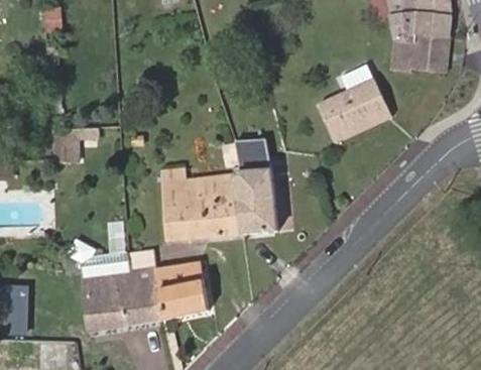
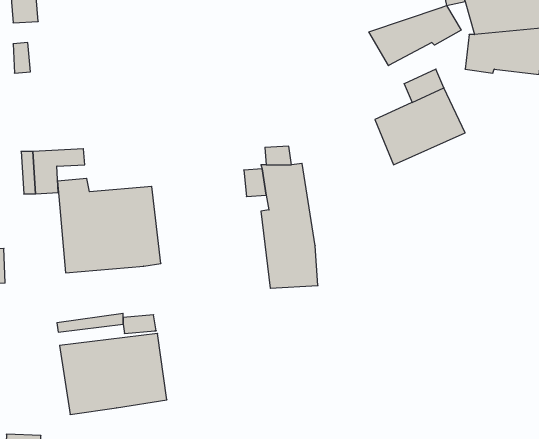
building: none -> [369,5,461,66]
building: [162,168,241,240] -> [58,178,161,273]
building: [155,261,209,318] -> none

